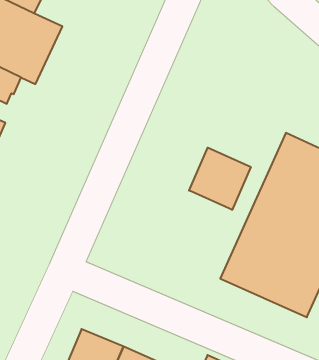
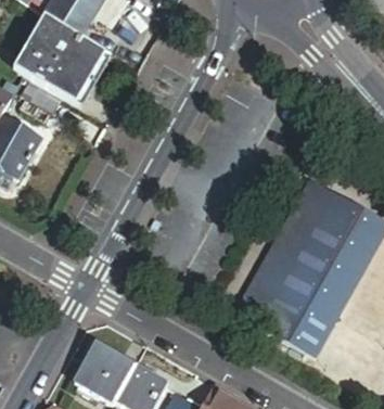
building: [189,148,251,210] -> none

